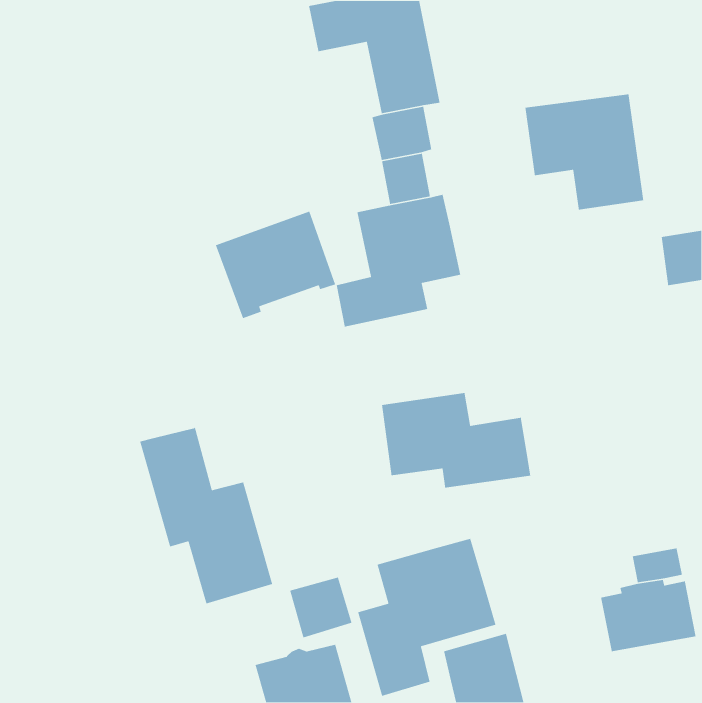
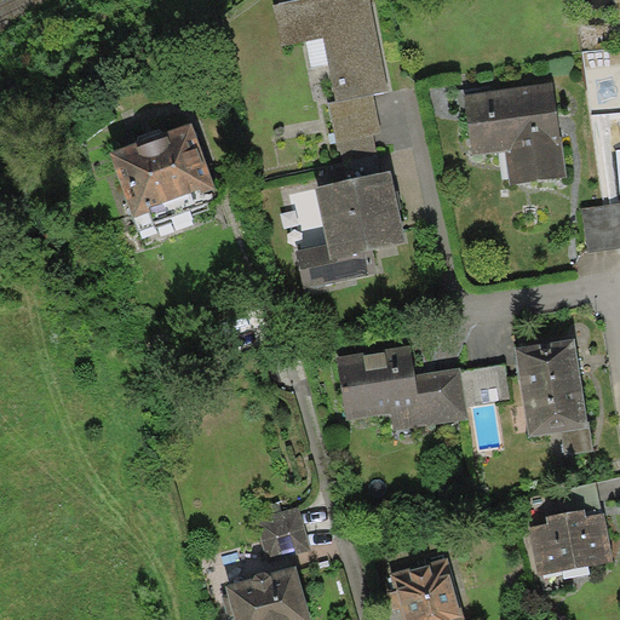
building: [215,210,336,319] -> [108,122,214,218]
building: none -> [515,339,593,455]
building: none -> [459,363,509,404]
building: [139,427,273,605] -> none
building: [357,538,497,697] -> none

